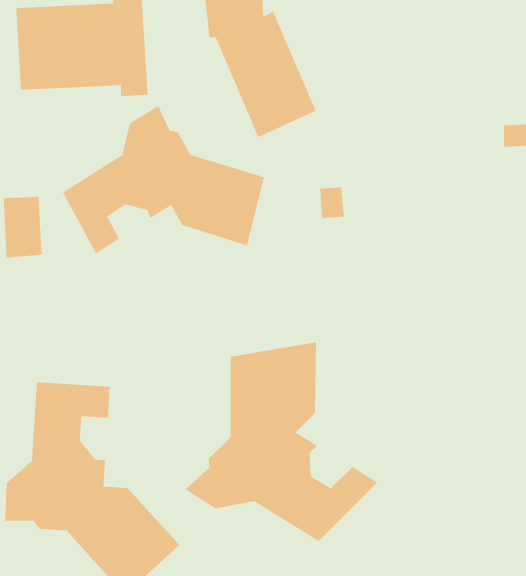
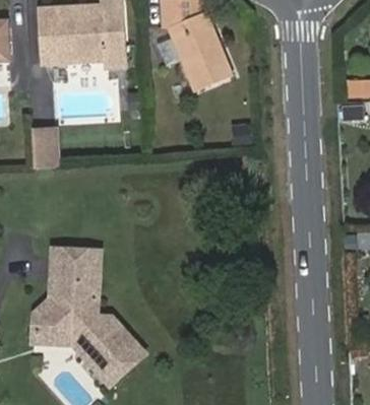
building: [62,105,265,254] -> none
building: [185,342,378,542] -> none

